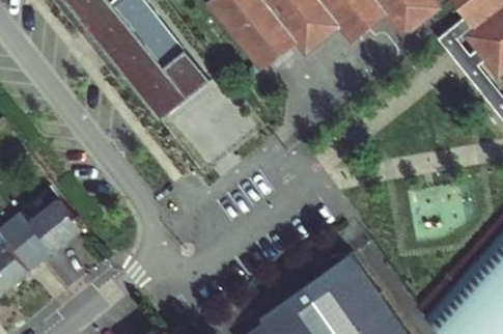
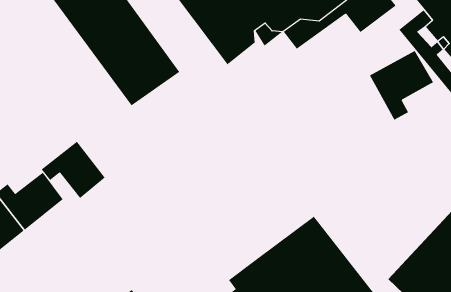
building: none -> [369,50,434,121]
building: none -> [41,141,106,199]

